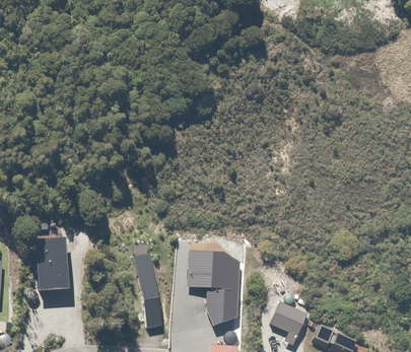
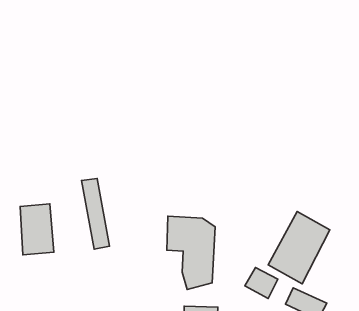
building: none -> [268,212,330,284]
building: [133,252,162,326] -> [82,179,110,249]

